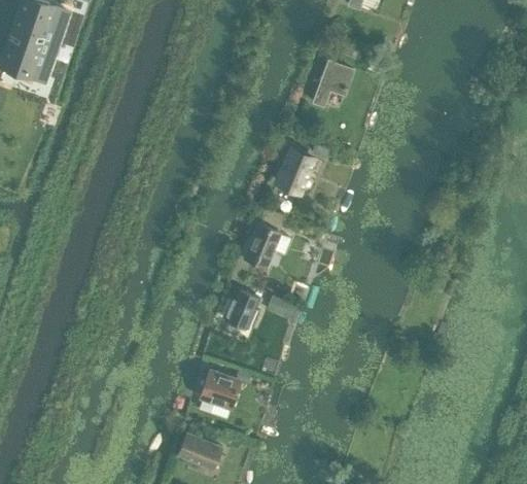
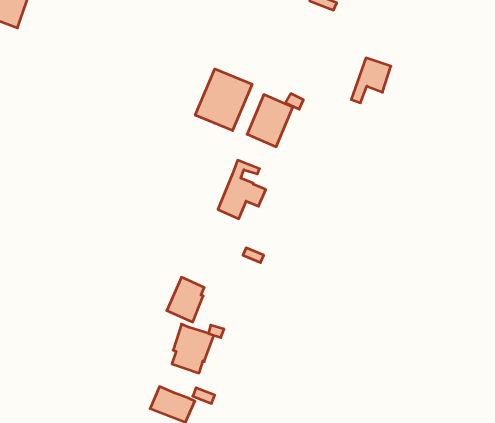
building: [313,61,352,105] -> [351,58,391,103]
building: none -> [195,69,252,131]
building: [222,287,259,332] -> [167,277,204,322]

